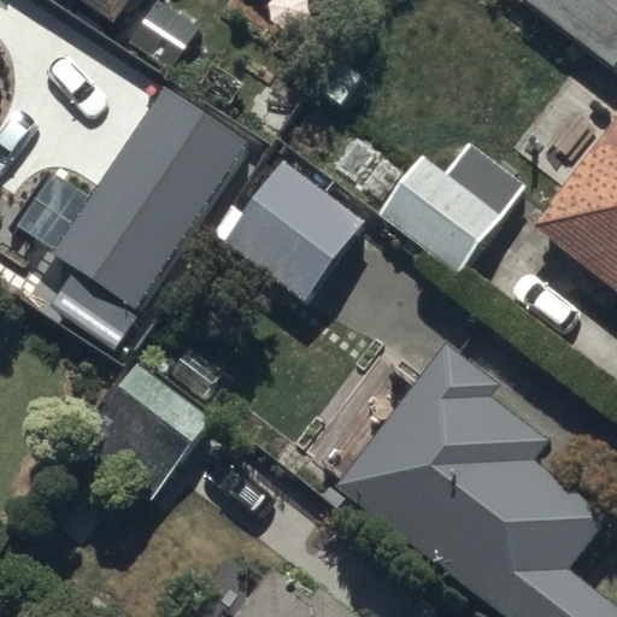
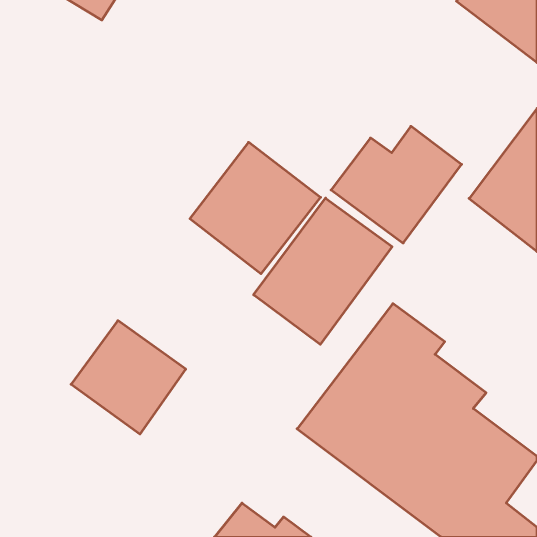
building: [58,86,247,305] -> none
building: none -> [254,198,392,344]

